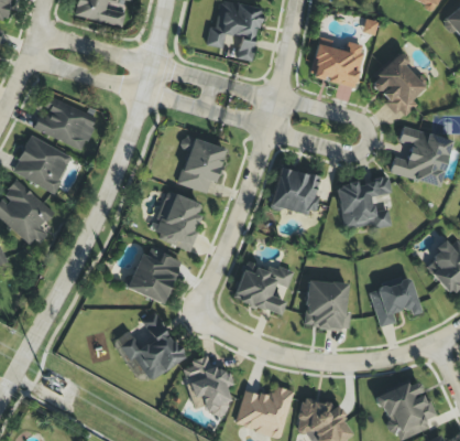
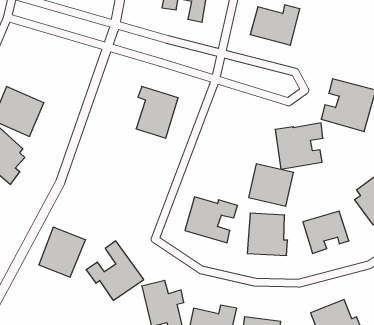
building: [369,51,425,117] -> none
building: [35,99,96,149] -> none
building: [271,166,322,215] -> [249,164,294,206]
building: [152,191,201,249] -> none
building: [128,246,182,303] -> [39,227,86,277]

